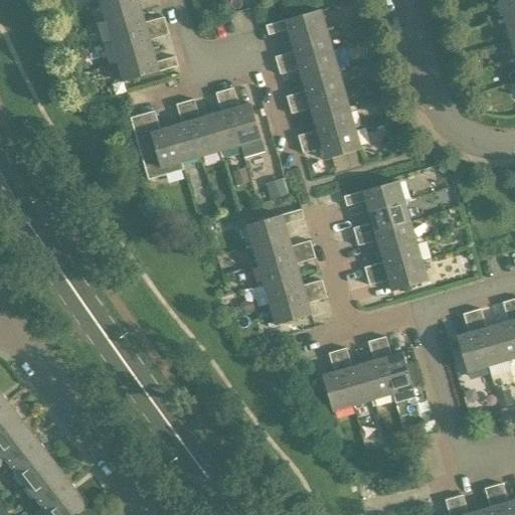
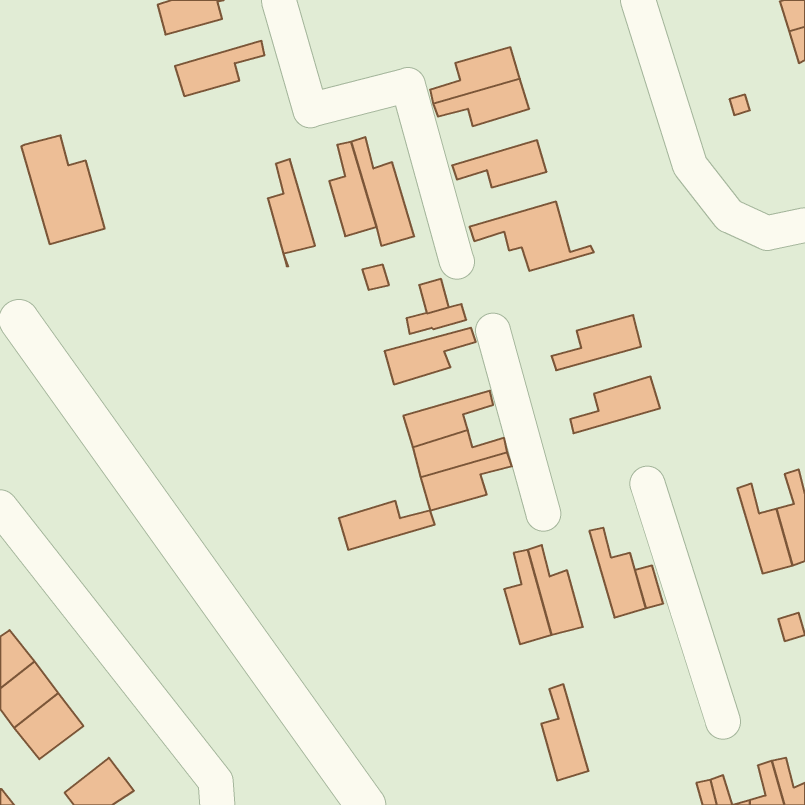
building: [266,10,326,40] -> none
building: [106,12,167,42] -> none
building: [118,51,179,82] -> none
building: [286,69,343,106] -> none
building: [185,100,220,157] -> none
building: [298,110,355,145] -> none
building: [130,111,183,180] -> [21,135,105,244]
building: [343,180,404,211] -> none
building: [355,221,415,251] -> none
building: [251,234,313,266] -> [339,501,435,550]
building: [366,261,427,292] -> none
building: [456,312,487,372] -> none
building: [362,339,392,400] -> [541,684,589,780]
building: [25,464,69,506] -> none

